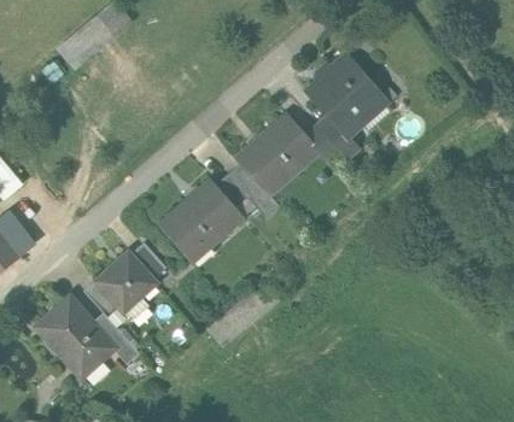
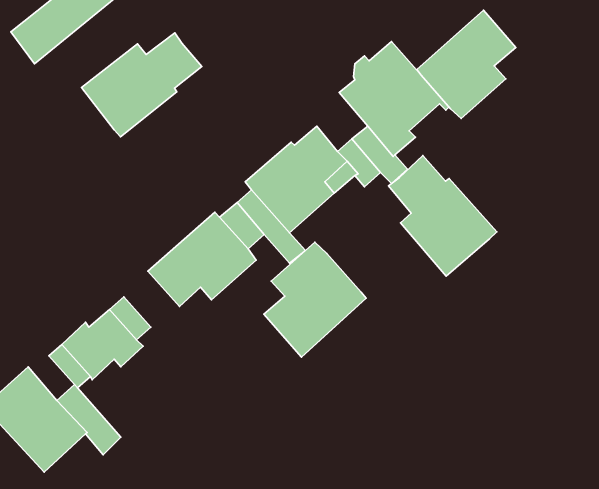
building: none -> [417,10,516,118]
building: none -> [82,33,202,137]
building: none -> [388,155,497,276]
building: none -> [264,242,366,357]

